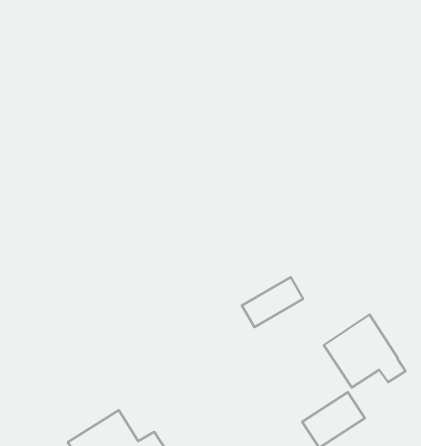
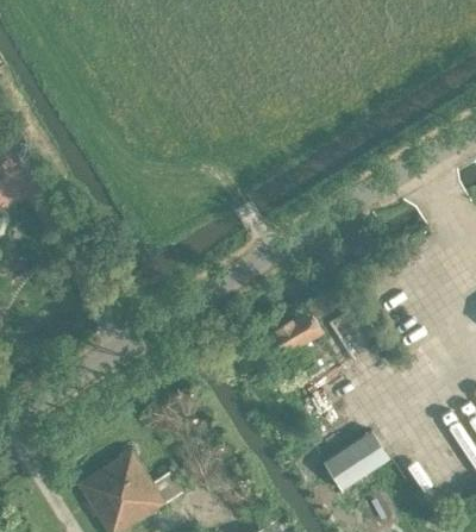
building: [324,314,406,387] -> none

